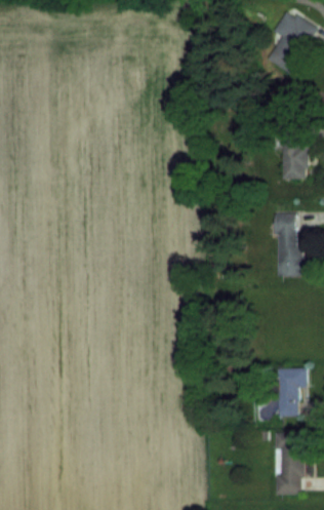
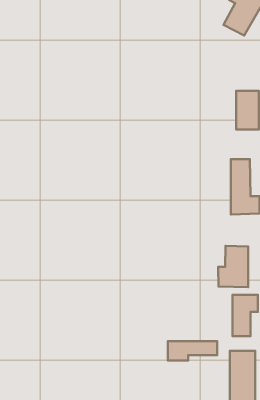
building: none -> [218,246,248,287]
building: none -> [168,341,217,361]

